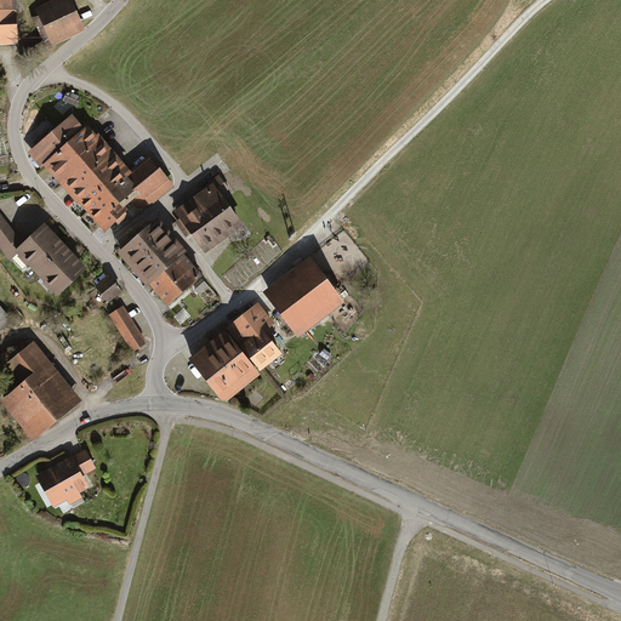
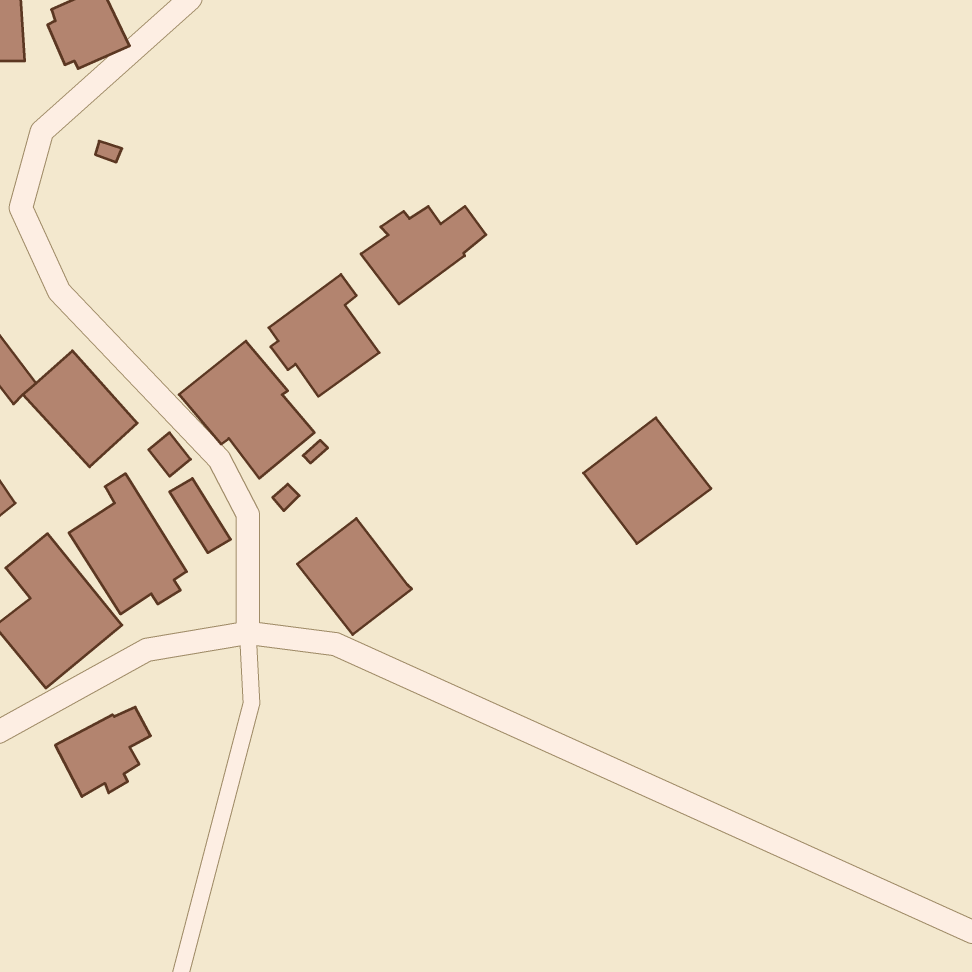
building: [25,113,172,232] -> none
building: none -> [361,206,486,304]
building: [263,257,344,337] -> [583,418,711,544]
building: none -> [69,474,187,614]
building: [226,302,283,372] -> none

